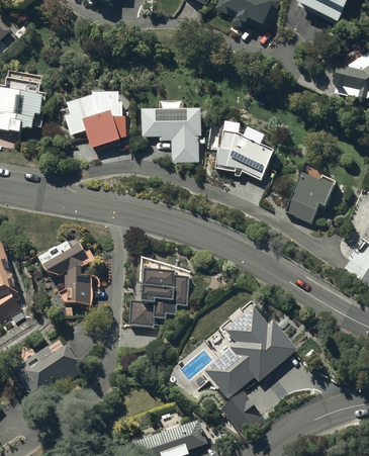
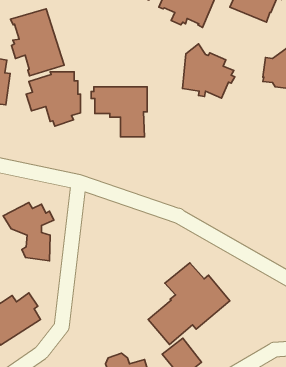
building: none -> [11,9,64,76]
building: [215,116,275,178] -> [182,44,235,98]
building: [286,171,335,221] -> none
building: [129,266,188,326] -> none

